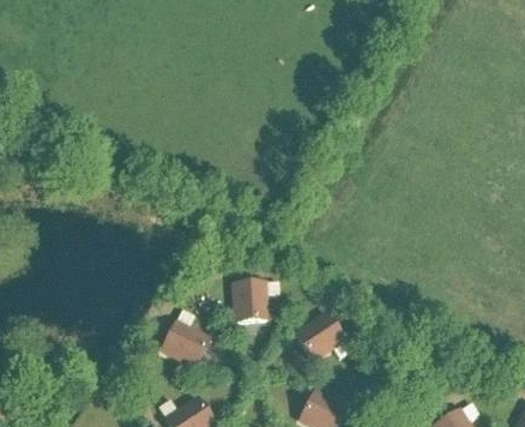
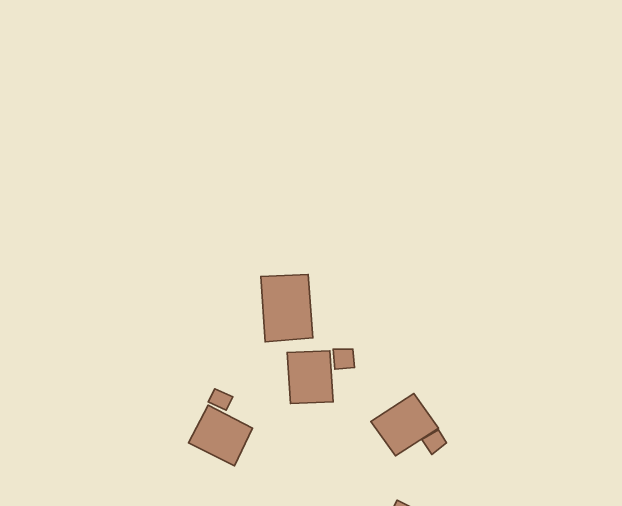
building: none -> [261,275,313,342]

